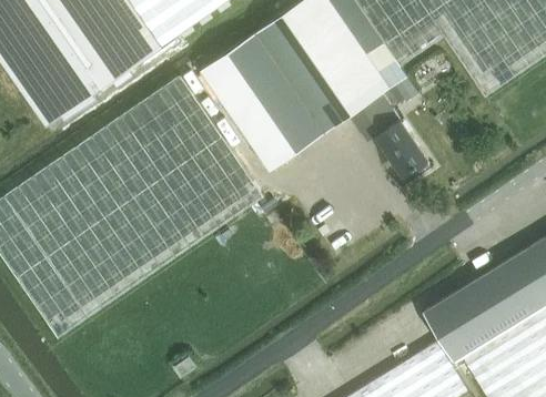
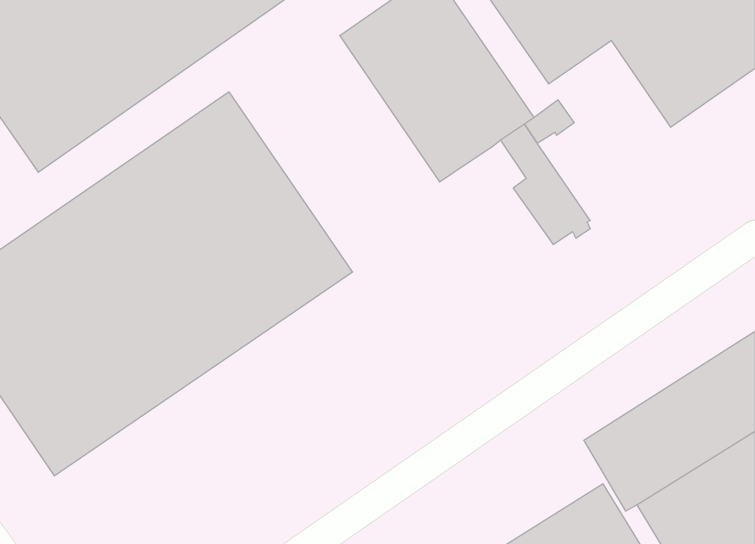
building: [202,31,326,170] -> none

